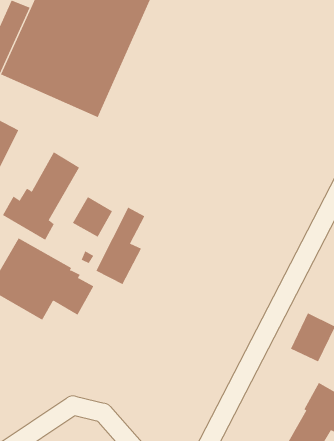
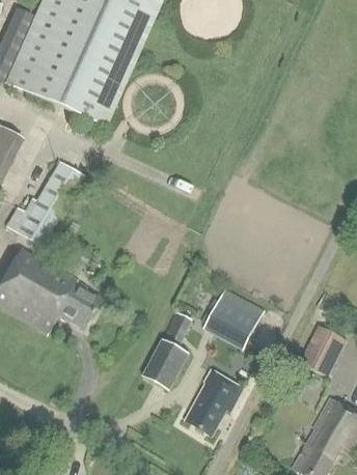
building: [72,196,113,238] -> none
building: [95,207,145,285] -> [142,310,193,390]
building: none -> [203,288,265,350]
building: none -> [184,369,244,436]

